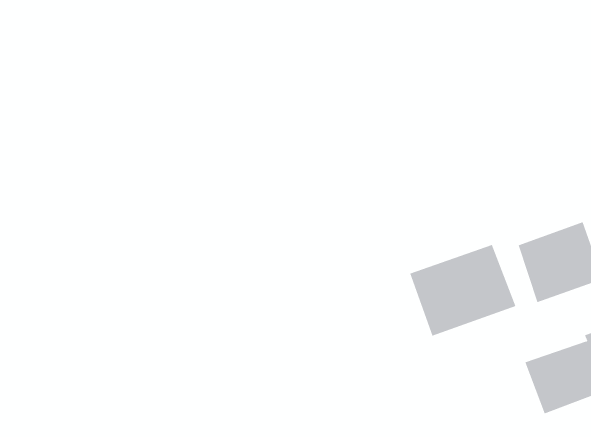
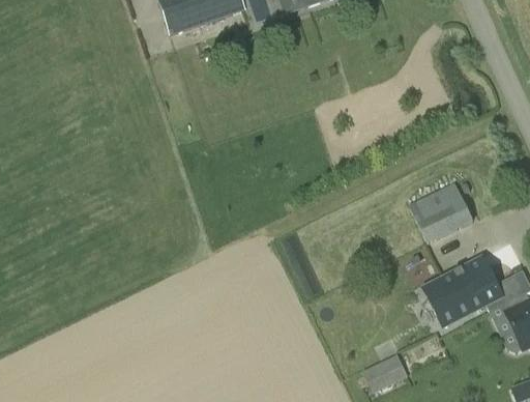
building: [410,244,516,336] -> none

